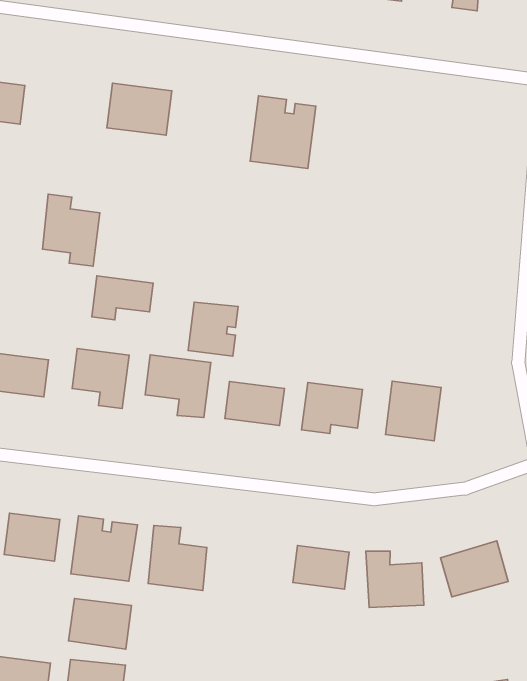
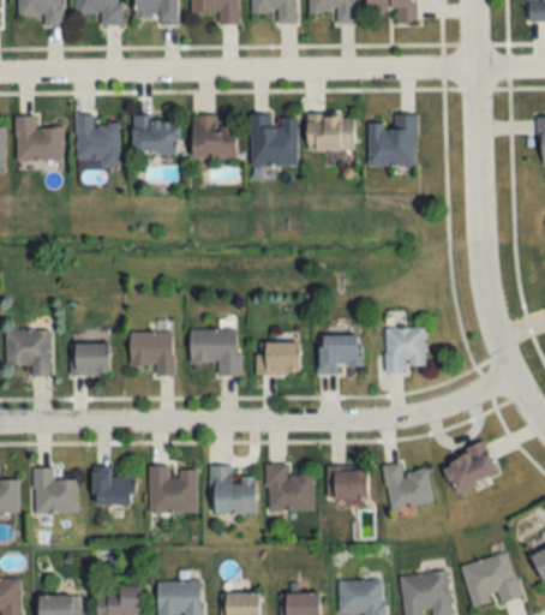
building: none -> [196,114,238,157]
building: none -> [310,114,355,150]
building: none -> [370,115,417,166]
building: [42,194,100,266] -> [77,114,120,167]
building: [92,276,153,320] -> none
building: [188,302,238,356] -> none
building: none -> [268,464,313,510]
building: [68,599,131,649] -> none

